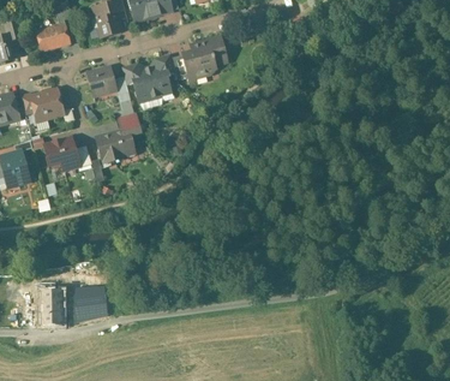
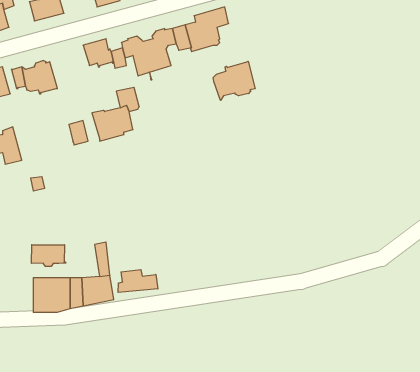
building: none -> [213,61,255,100]
building: [46,137,78,166] -> none
building: none -> [32,245,66,266]
building: none -> [118,270,158,292]

